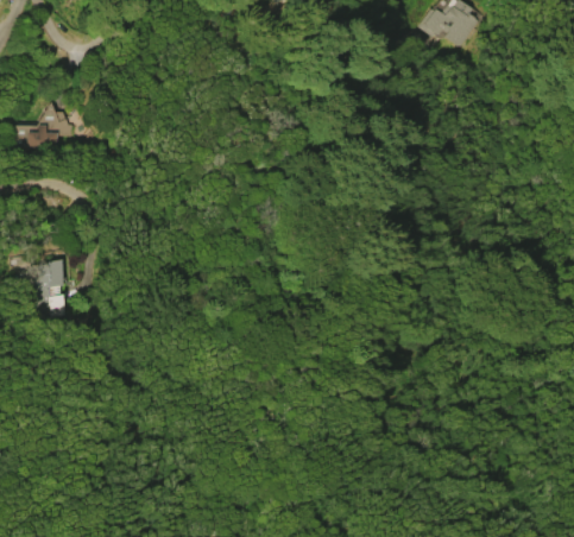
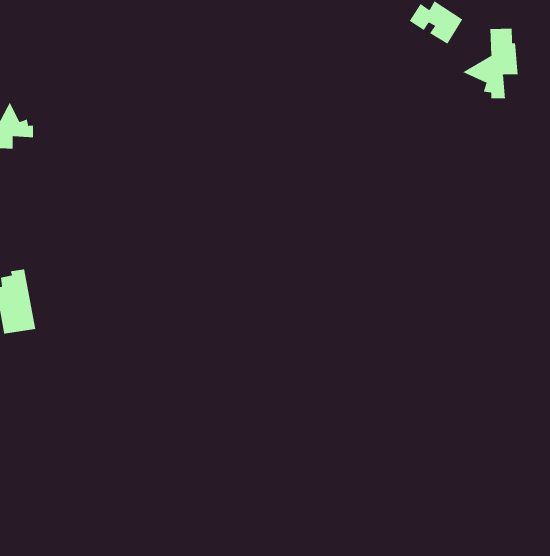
building: none -> [462,28,518,99]

